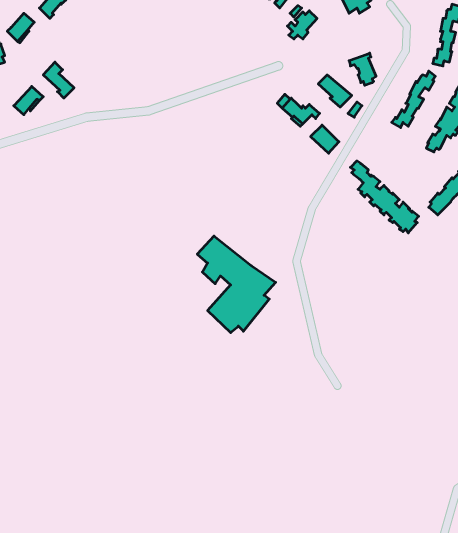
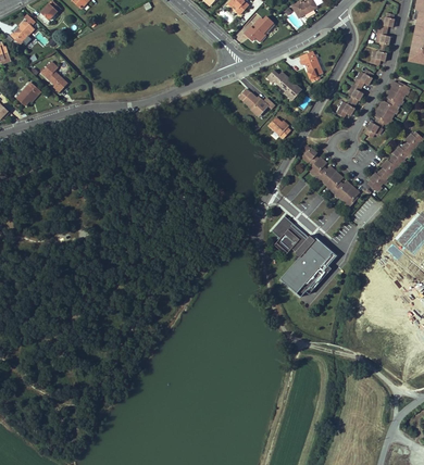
building: [197,236,276,333] -> [271,214,337,296]

